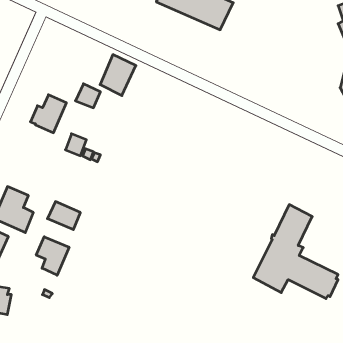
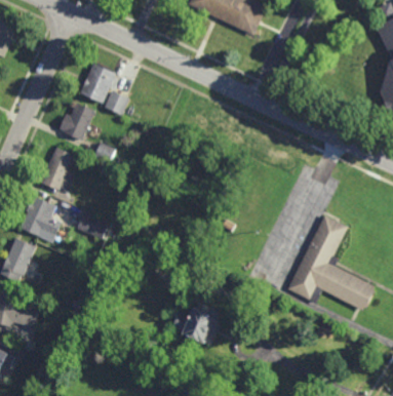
building: [100,55,136,96] -> [80,62,117,104]
building: none -> [41,148,75,192]
building: [36,237,69,275] -> none
building: none -> [174,303,225,346]

